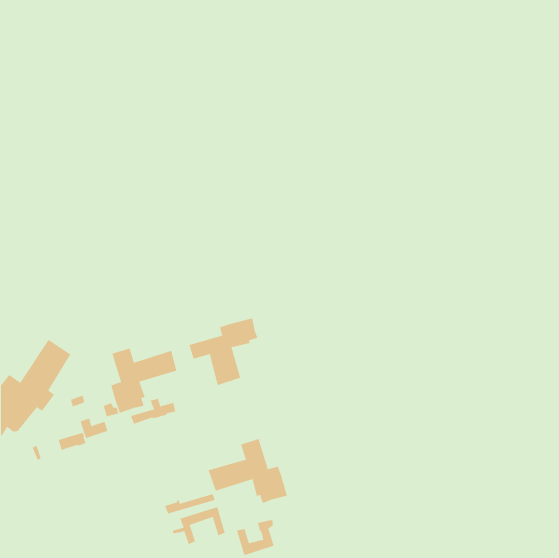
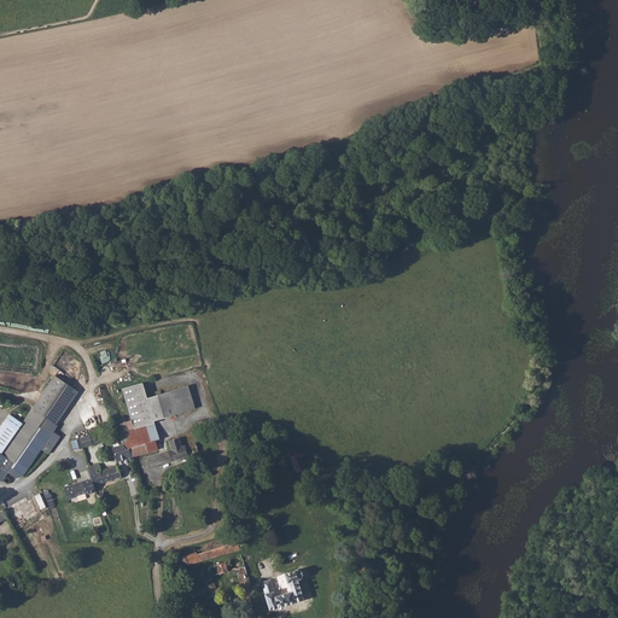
building: [189,317,258,386] -> none
building: [208,438,287,504] -> none

